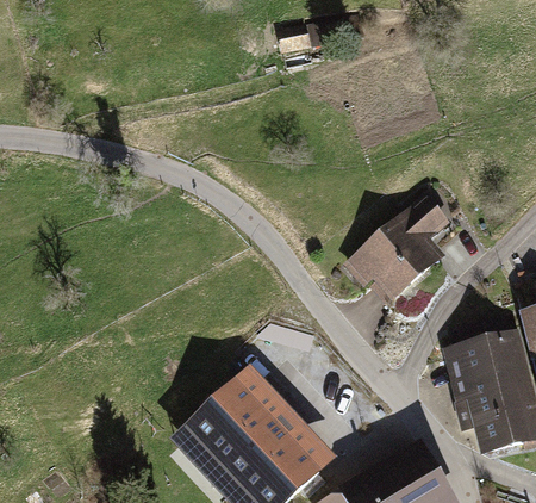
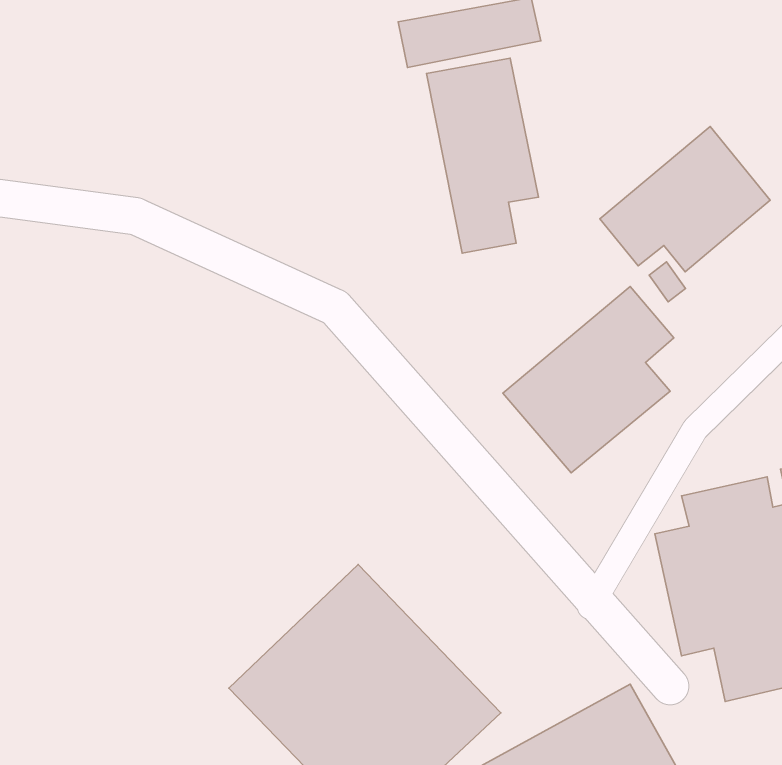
building: none -> [426,58,539,253]
building: none -> [600,126,770,272]

